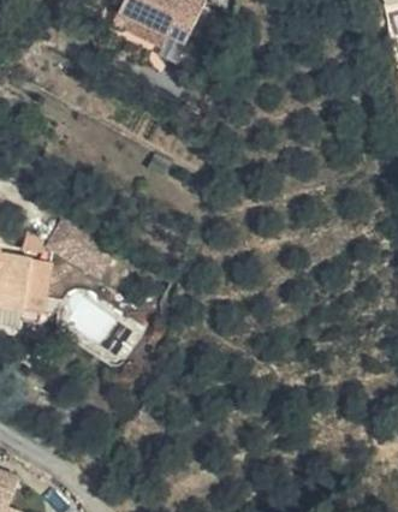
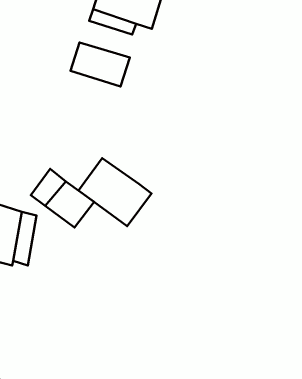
building: none -> [71,42,130,87]
building: none -> [79,158,152,226]

